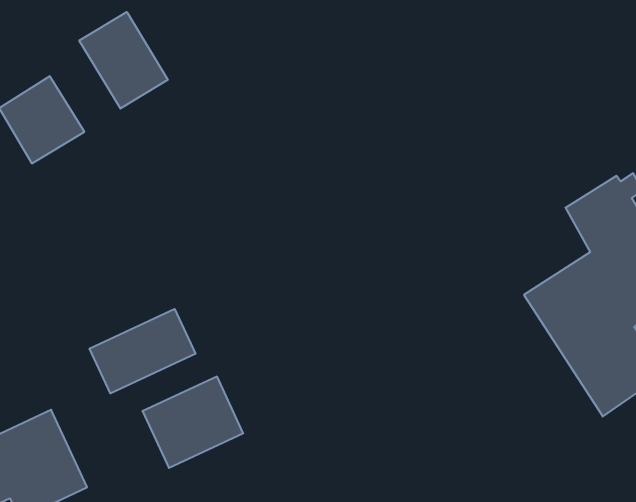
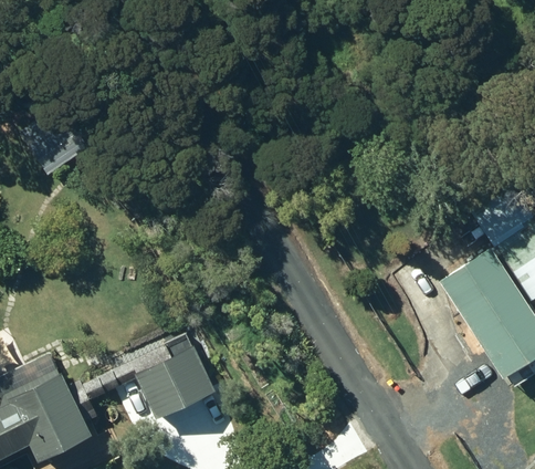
building: [79,12,168,109] -> none
building: [90,309,195,393] -> none

